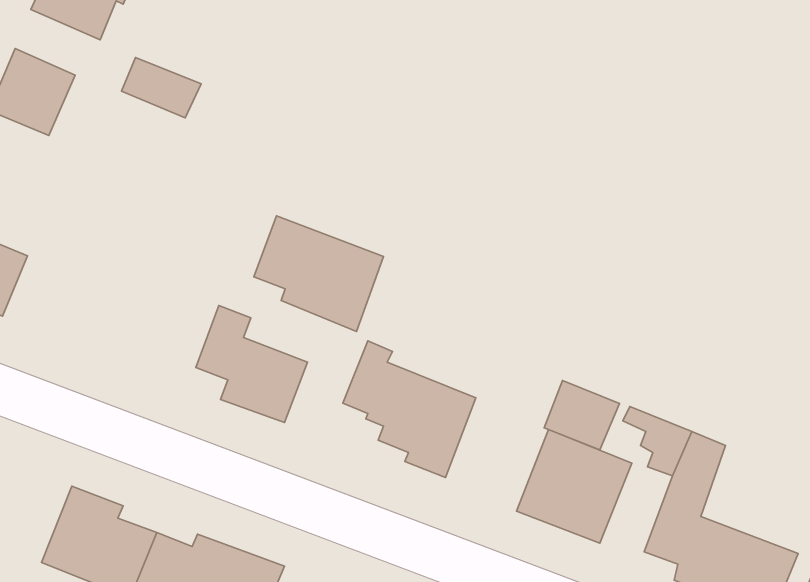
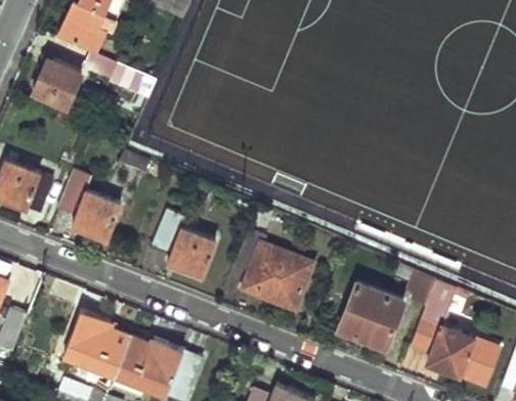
building: [254,216,383,332] -> none
building: none -> [59,169,121,238]
building: [544,381,619,450] -> none

